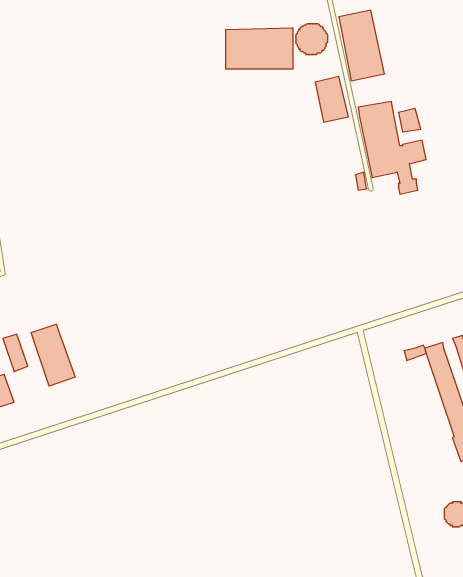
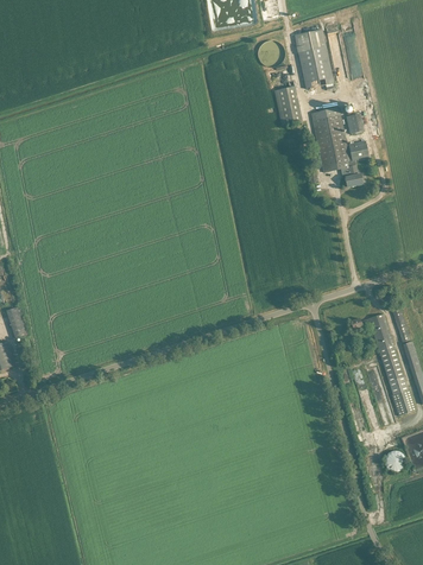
building: [226,28,293,69] -> none
building: [31,324,75,386] -> none

